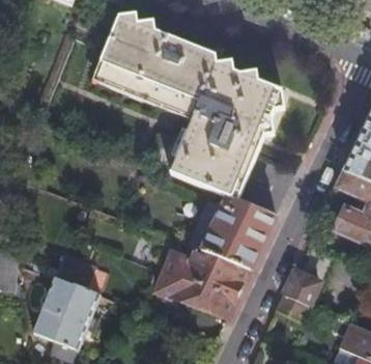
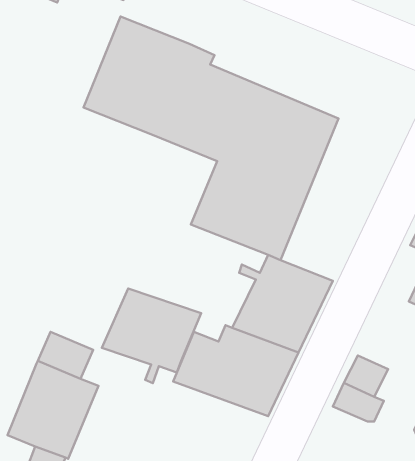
building: none -> [102,288,201,383]

